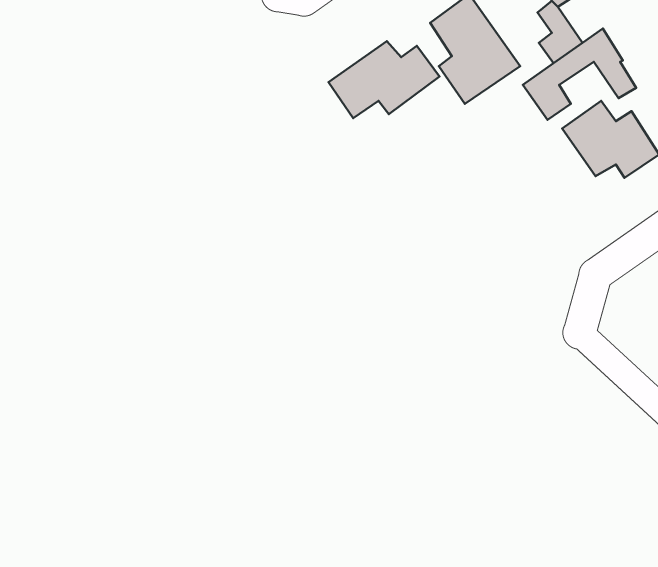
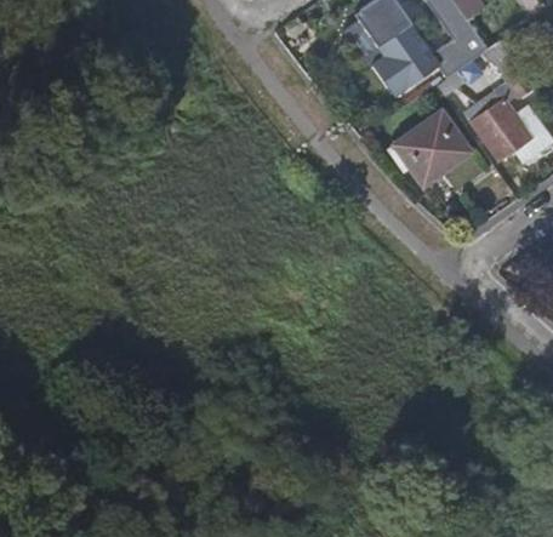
building: [328,41,439,118] -> none
building: none -> [395,108,472,182]

